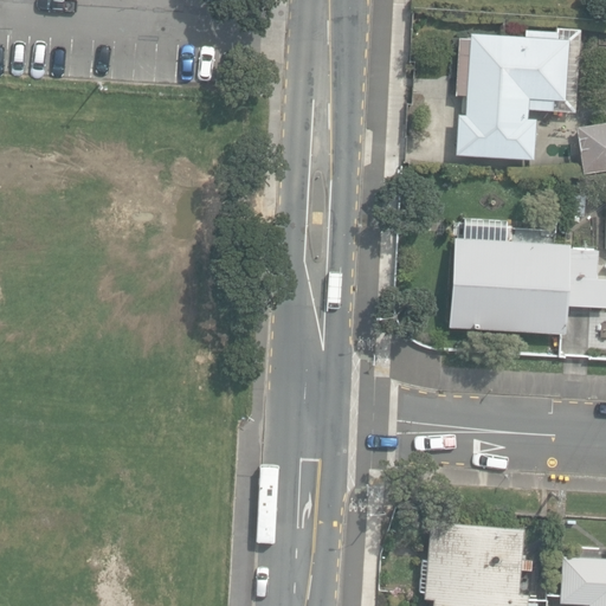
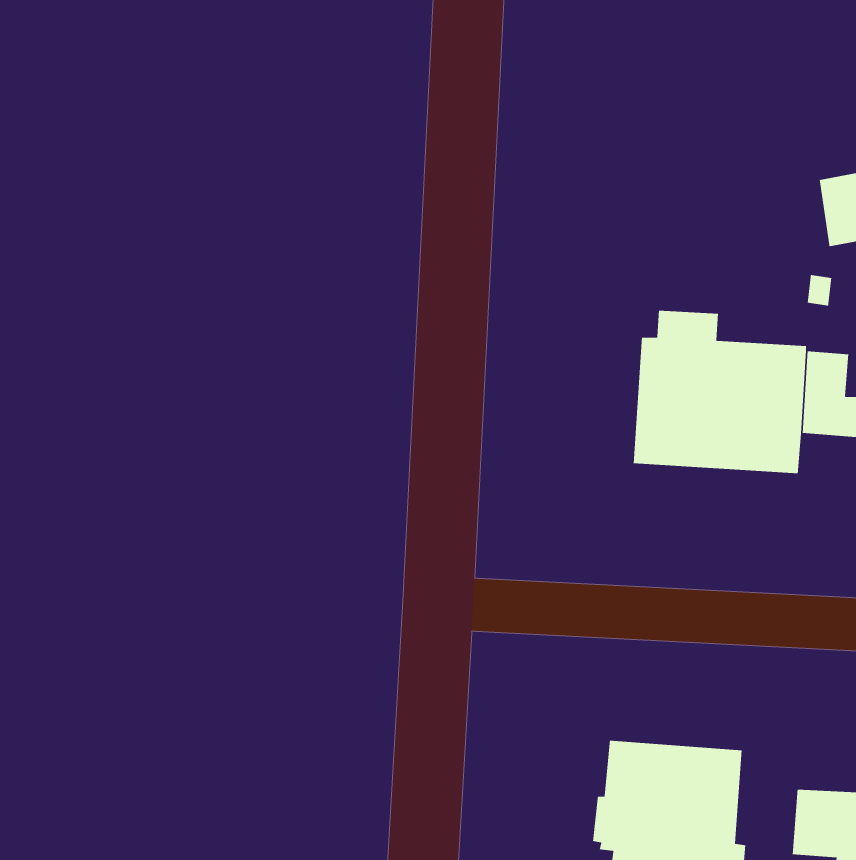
building: [456,28,582,161] -> none

